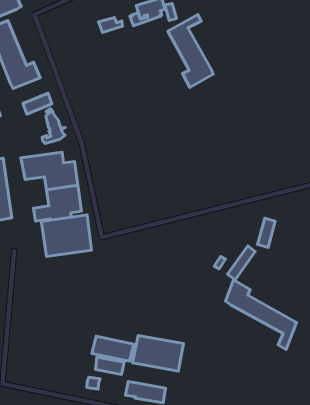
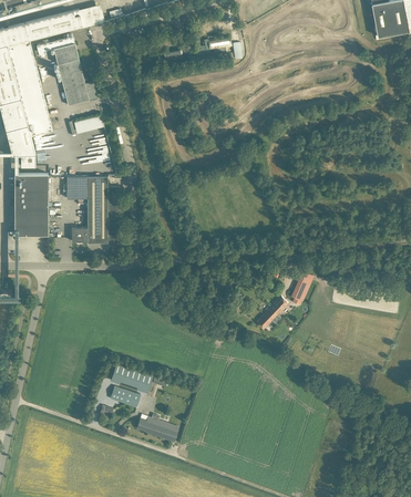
building: [168,15,213,87] -> none
building: [41,215,92,257] -> none
building: [226,280,296,350] -> none
building: [132,335,183,371] -> none

